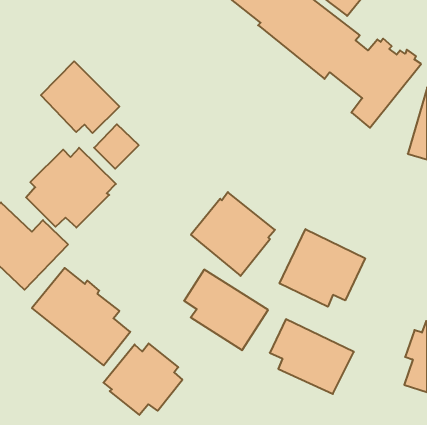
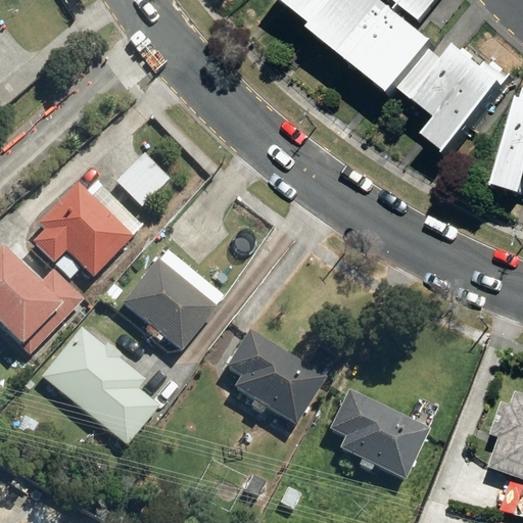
building: [41,61,119,133] -> none
building: [191,192,275,276] -> [121,249,223,351]
building: [280,229,365,307] -> none
building: [103,343,182,415] -> none

